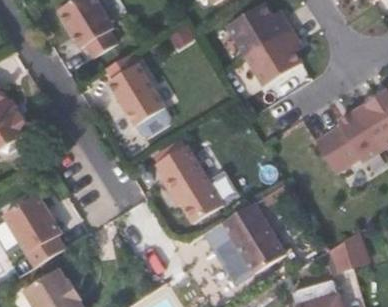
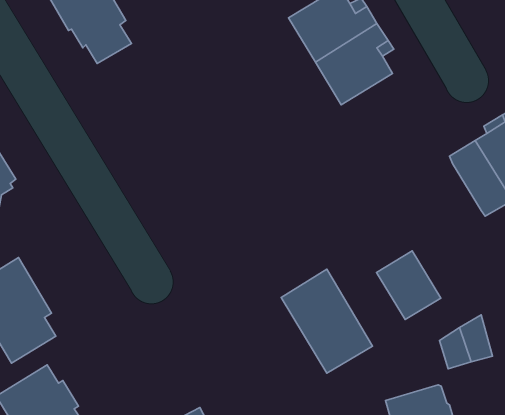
building: [106,52,163,123] -> none
building: [316,127,361,175] -> [376,251,441,319]
building: [156,144,223,222] -> none

